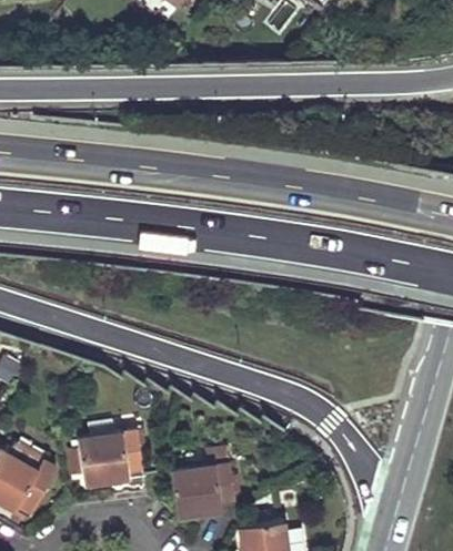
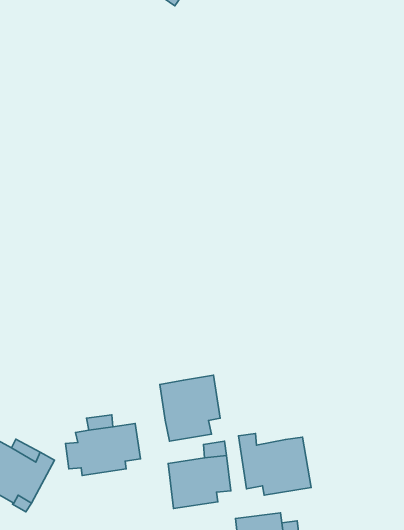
building: none -> [160,375,220,441]
building: none -> [239,433,311,495]

